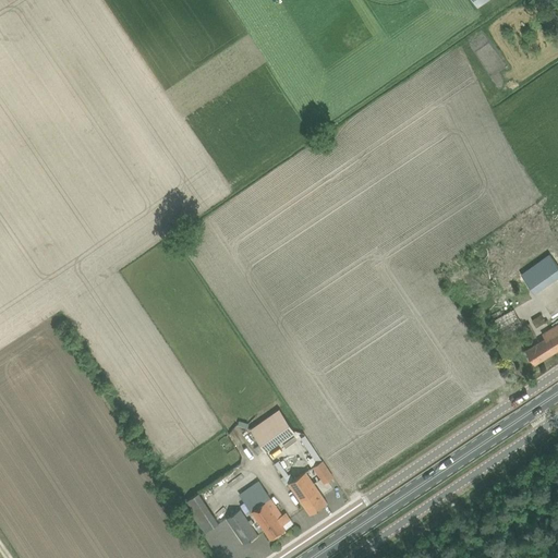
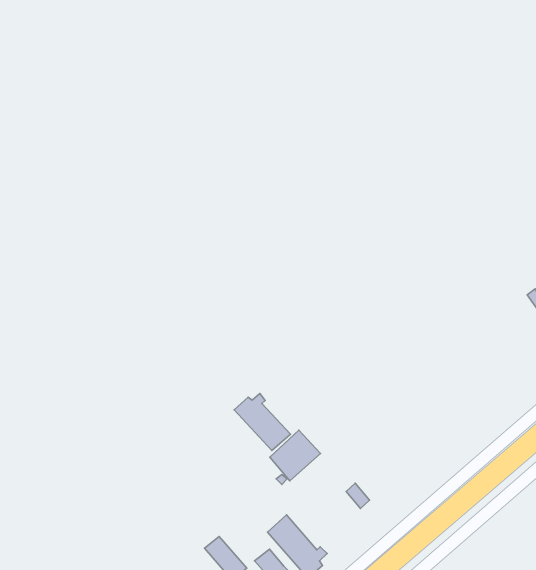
building: none -> [234,393,290,451]
building: [288,474,327,515] -> none

